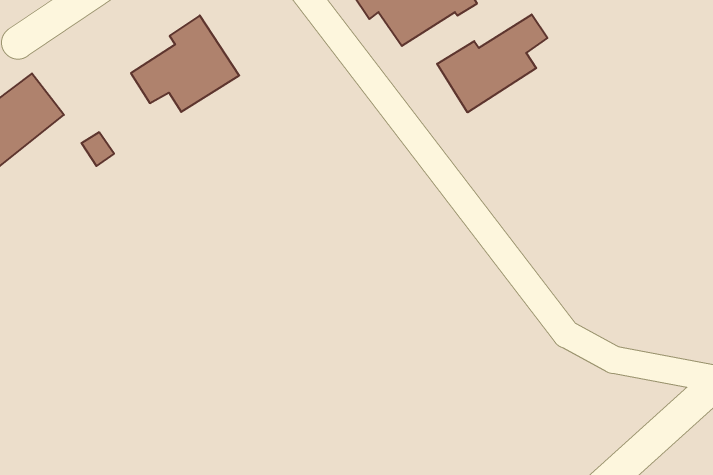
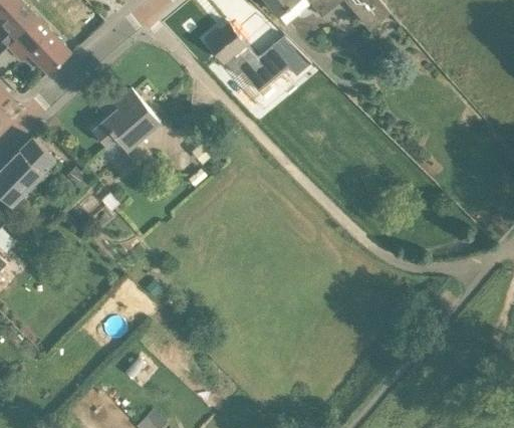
building: [437,14,547,112] -> none

